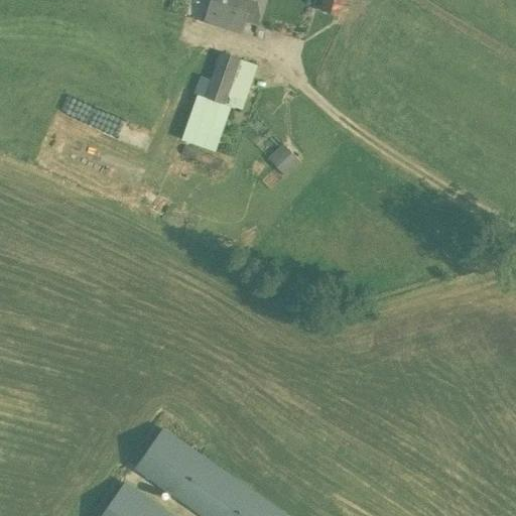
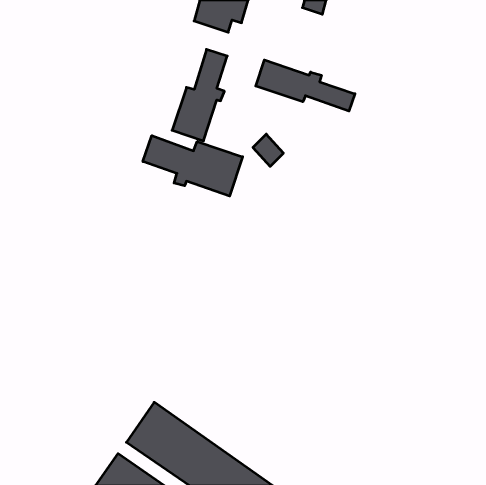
building: none -> [256,60,355,111]
building: none -> [143,136,243,196]

